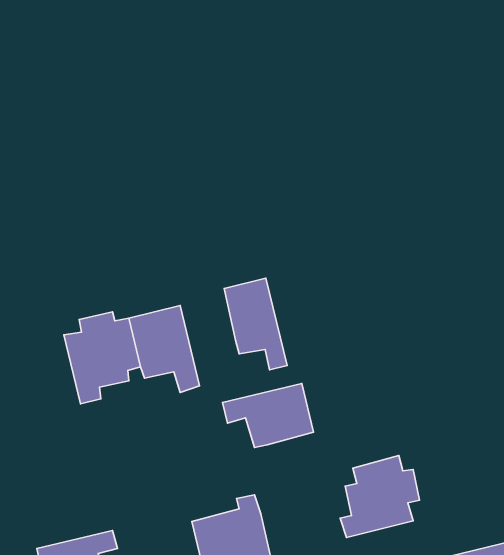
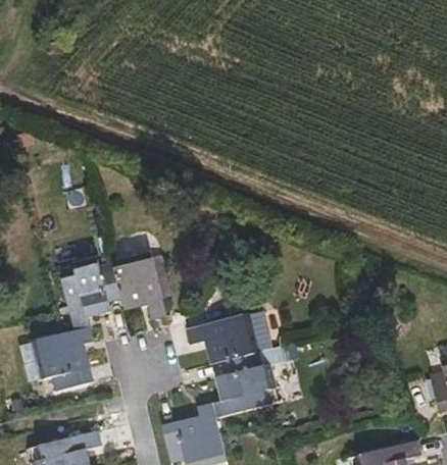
building: [224,278,287,370] -> none
building: none -> [18,326,93,394]
building: [340,456,419,537] -> [211,353,275,418]

